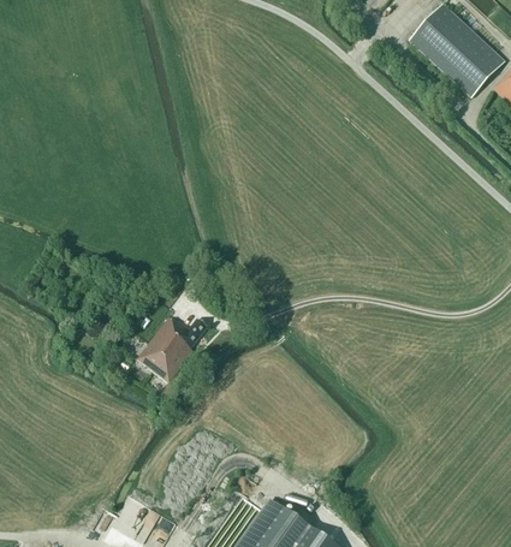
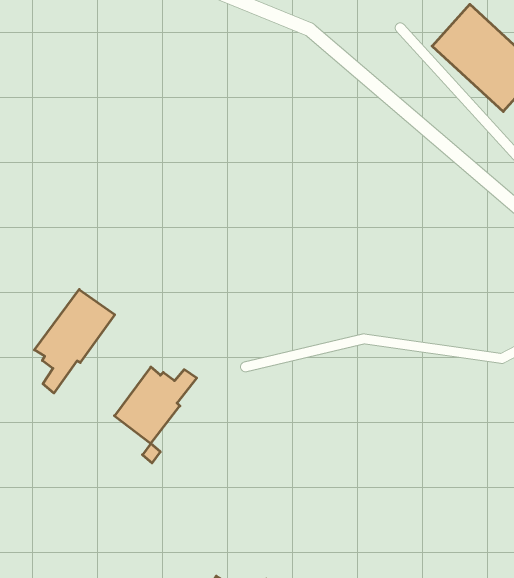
building: none -> [34,289,115,393]

